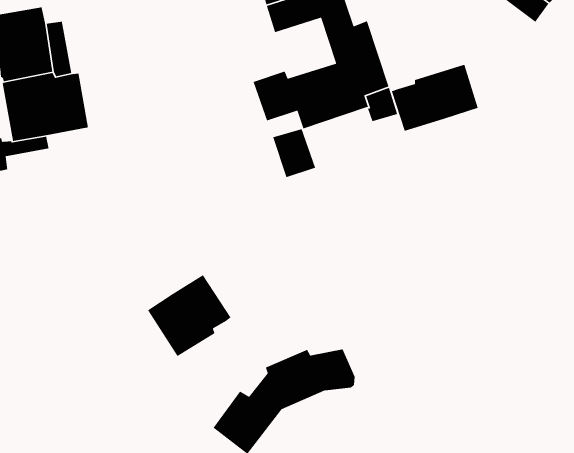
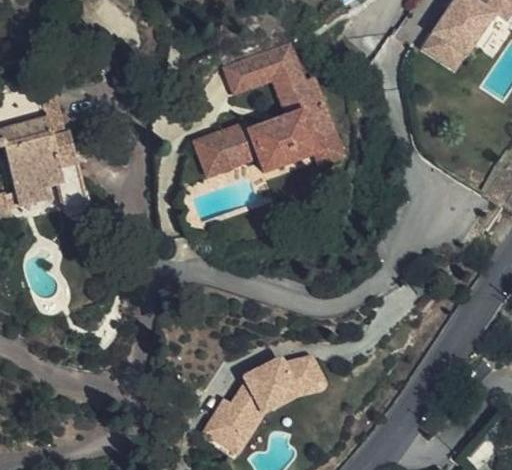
building: [391,64,479,132] -> none
building: [272,128,316,178] -> [193,136,232,179]
building: [147,274,231,357] -> none

